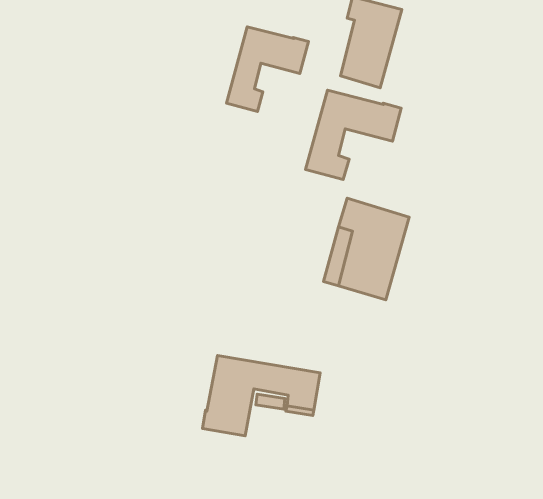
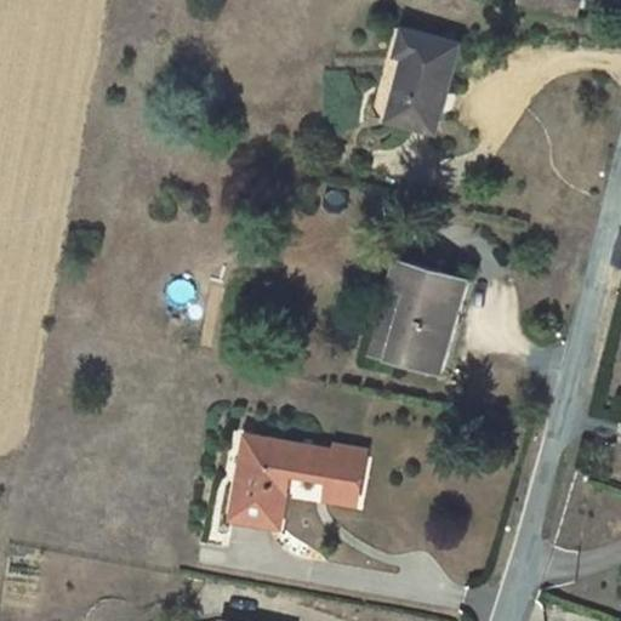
building: [226,27,308,112] -> none
building: [306,90,401,180] -> none

